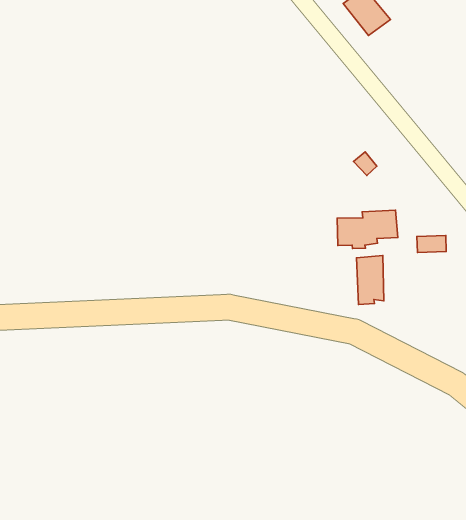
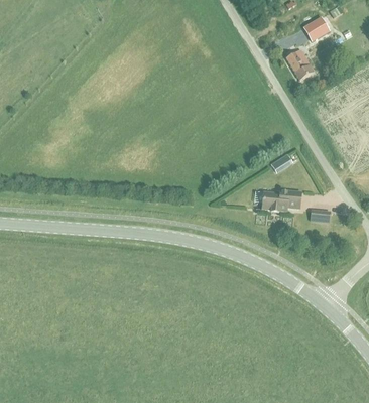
building: [357,255,384,305] -> none

